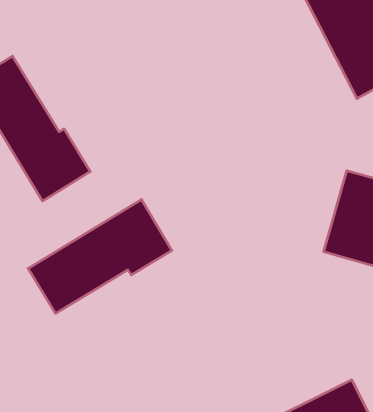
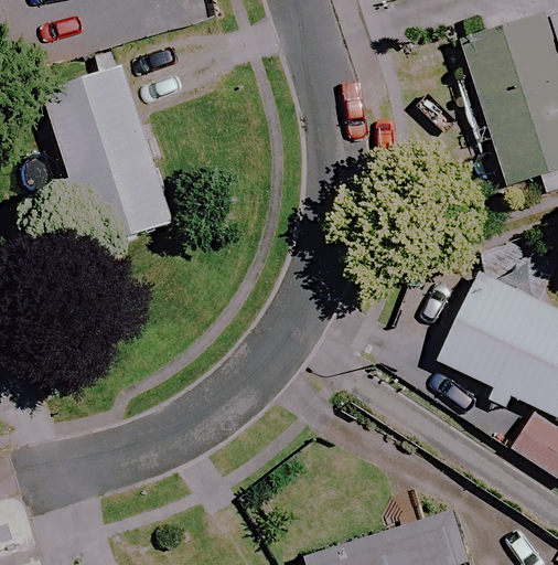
building: [28,199,172,313] -> none

